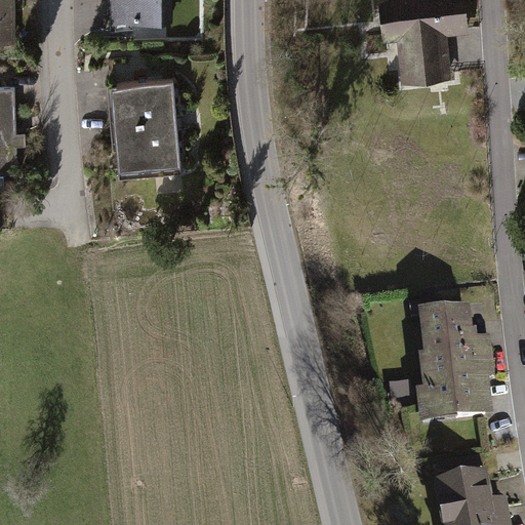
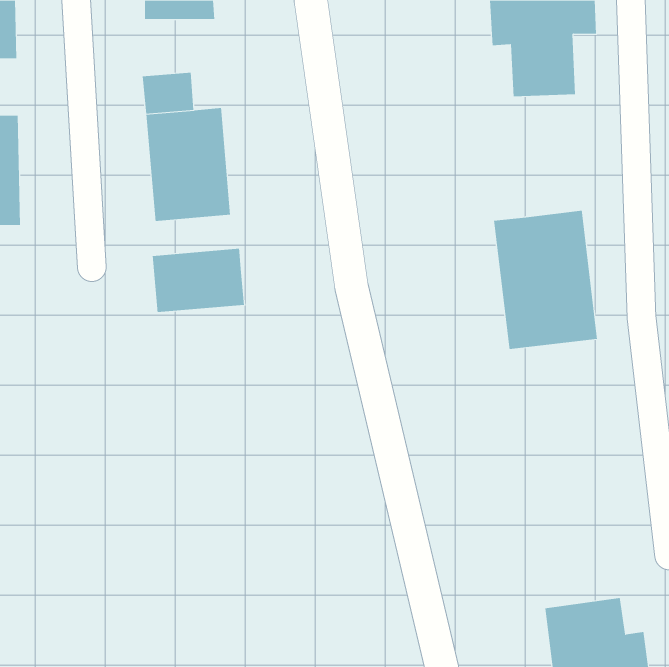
building: none -> [494,210,598,350]
building: none -> [152,248,244,313]
building: [408,300,494,418] -> none

